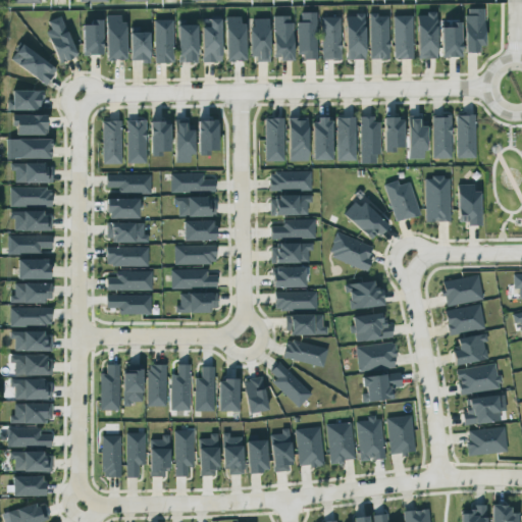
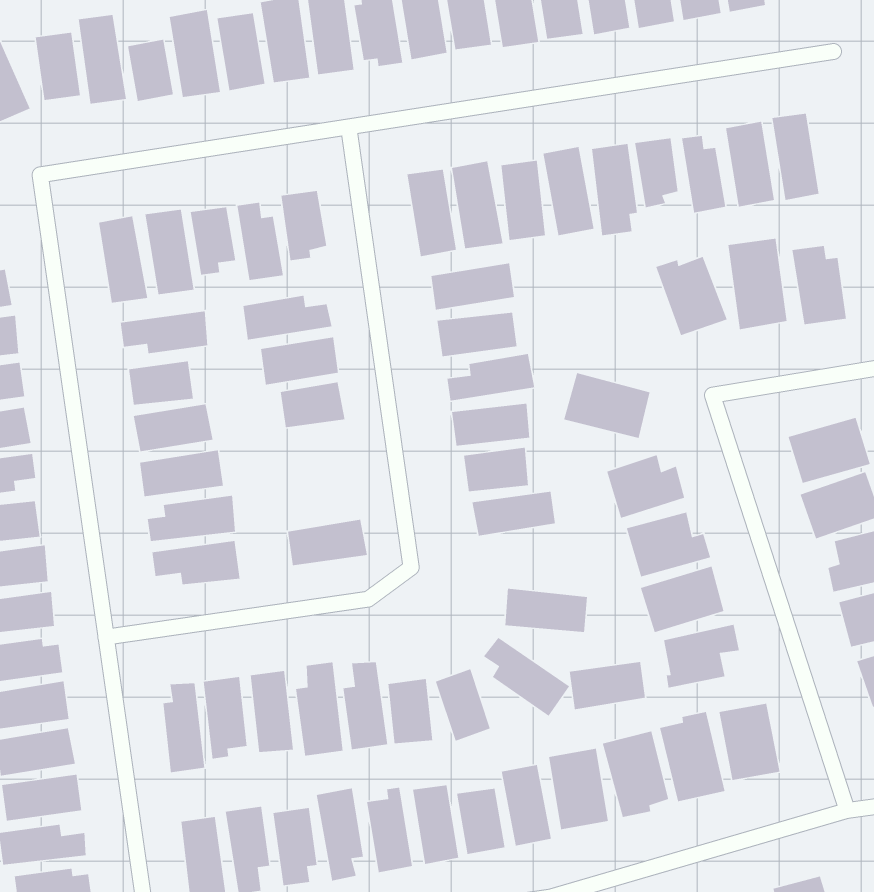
building: [344,199,387,242] -> none
building: [174,245,217,264] -> none
building: [171,269,217,289] -> none
building: [288,315,325,335] -> [569,661,646,710]

